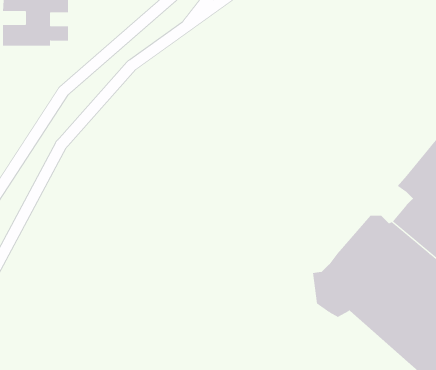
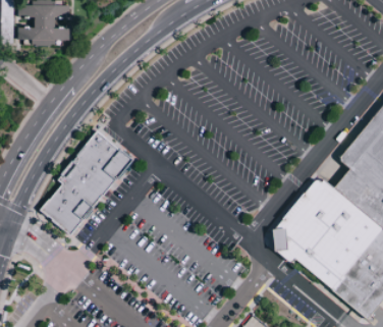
building: none -> [42,132,131,233]

